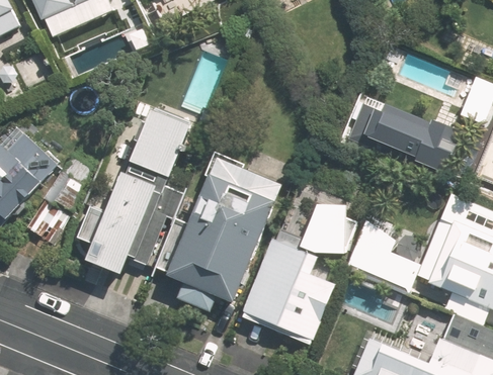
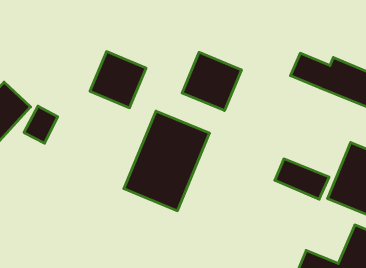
building: none -> [182,52,241,111]
building: [74,169,173,273] -> none
building: [244,203,363,344] -> none

